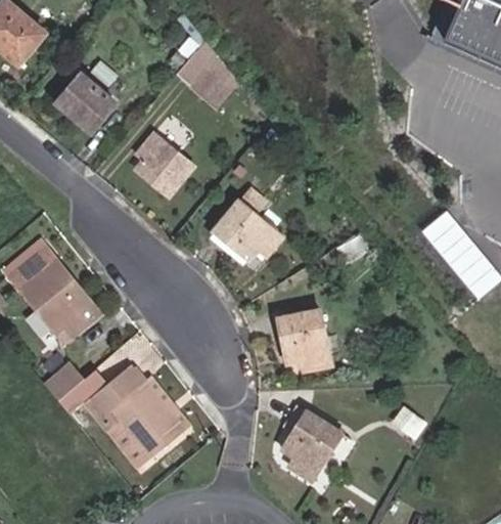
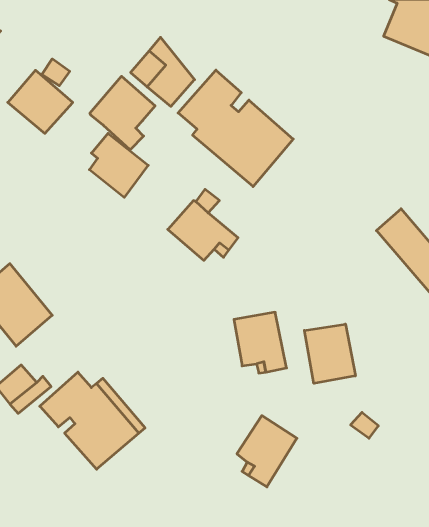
building: none -> [178,70,293,187]
building: none -> [90,76,155,150]
building: none -> [304,324,355,383]

